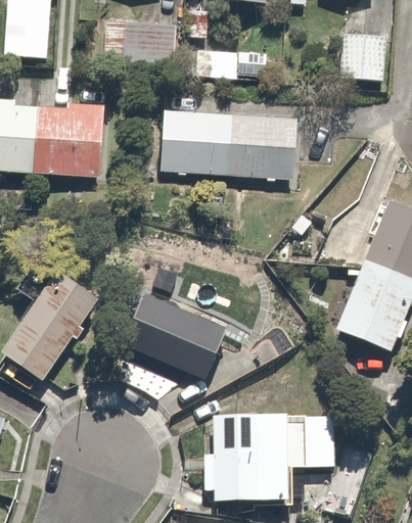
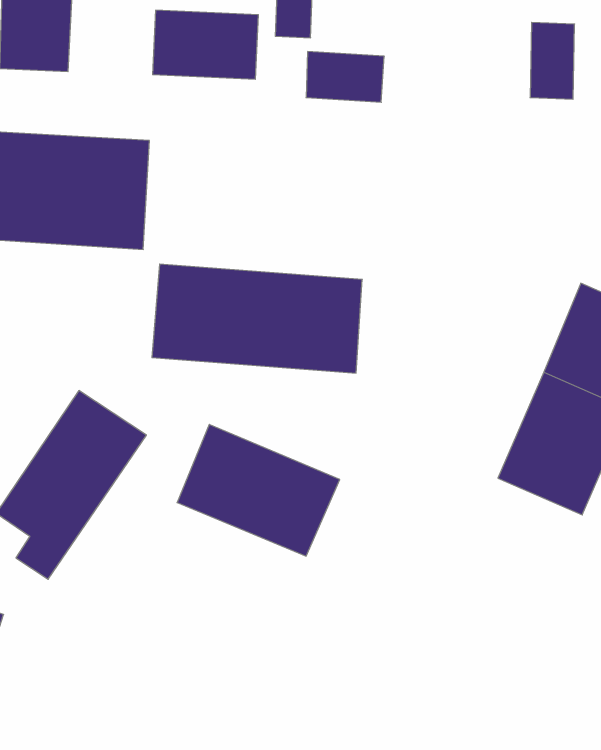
building: [159,108,300,181] -> [152,264,362,373]
building: [213,414,335,500] -> none

